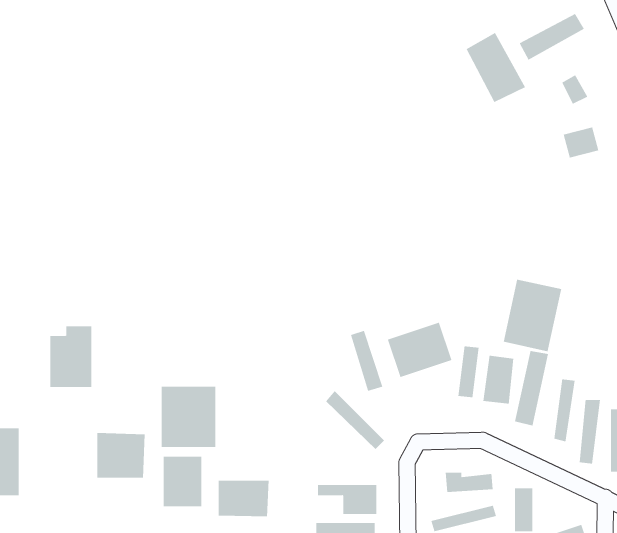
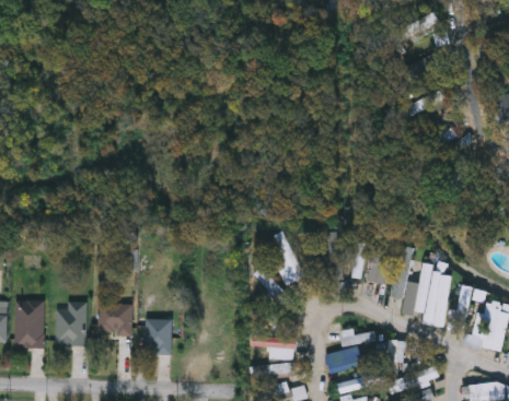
building: [466,32,526,103] -> none
building: [503,279,562,352] -> none
building: [387,322,452,378] -> none
building: [50,326,92,387] -> [56,302,85,344]
building: [161,386,216,448] -> none
building: [218,480,269,517] -> none

